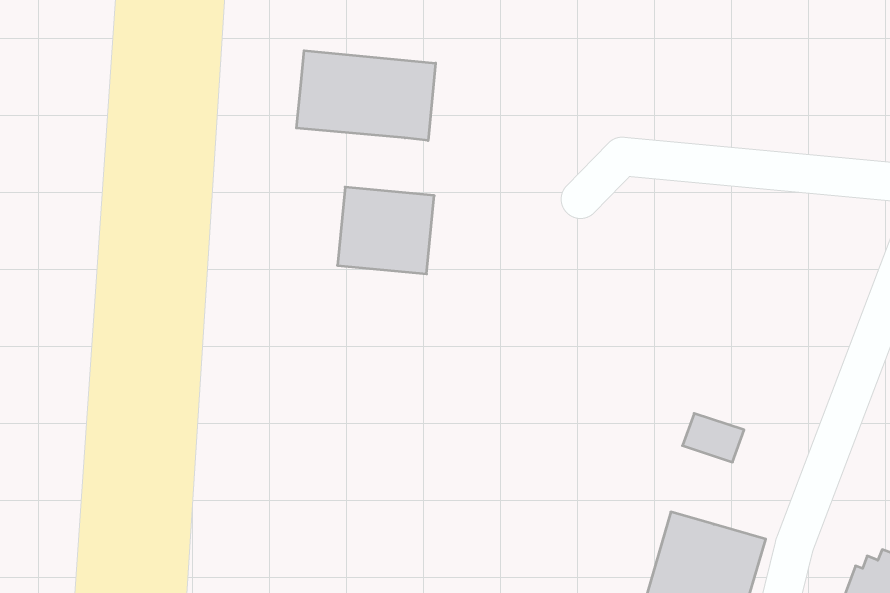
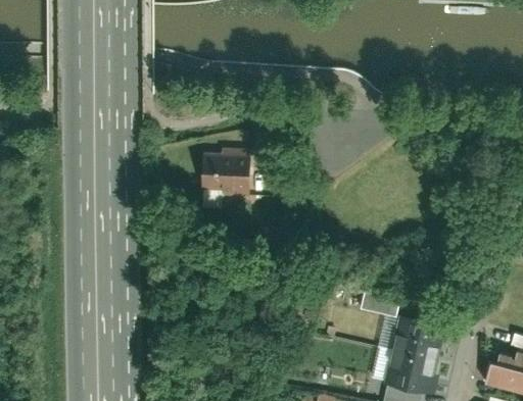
building: [296,51,436,141] -> none
building: [682,413,744,462] -> [363,288,396,313]

